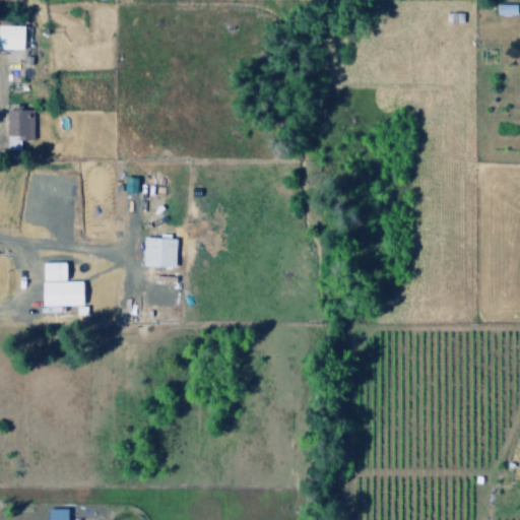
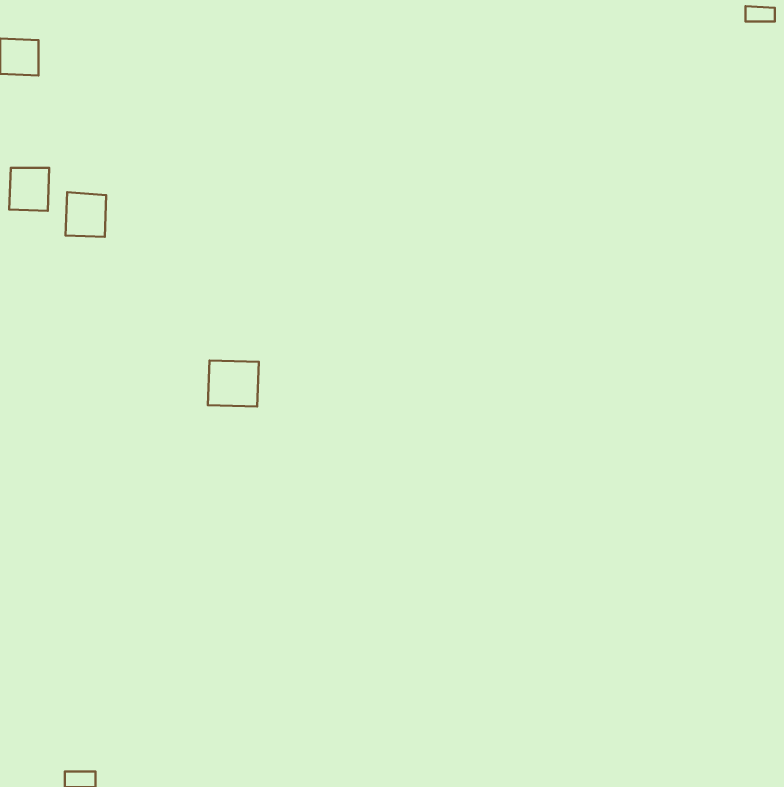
building: none -> [65,192,106,237]
building: [46,263,87,307] -> none

